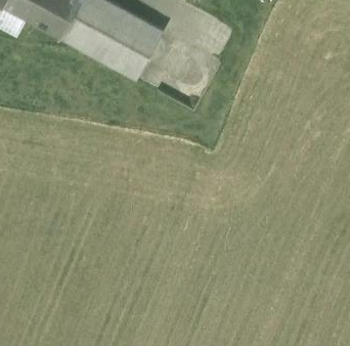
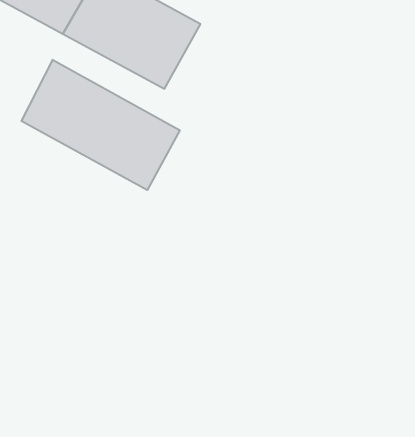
building: none -> [21,60,180,190]

